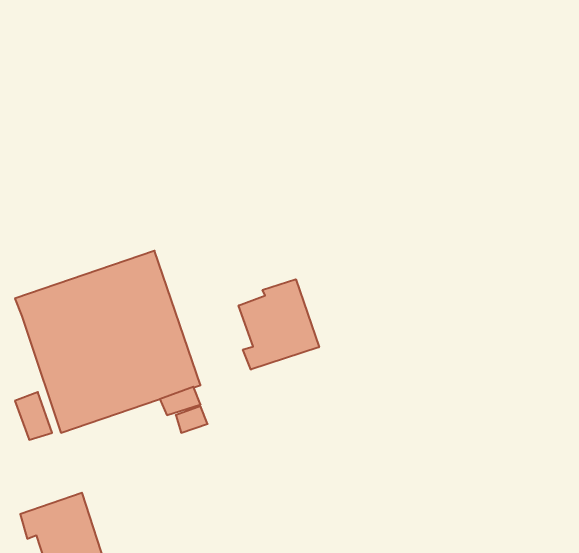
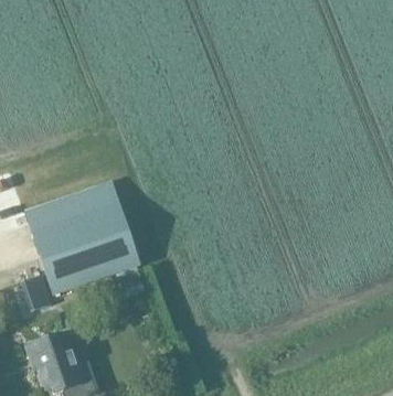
building: [239,279,319,370] -> none

